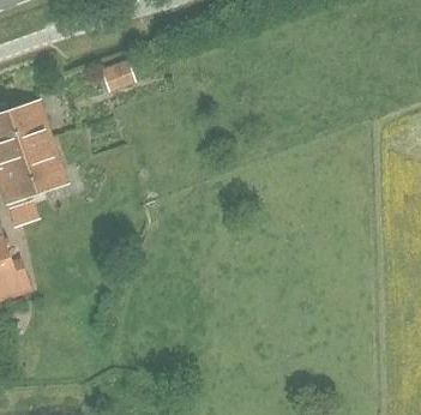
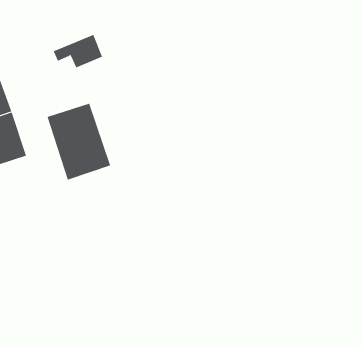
building: none -> [47,103,111,180]

